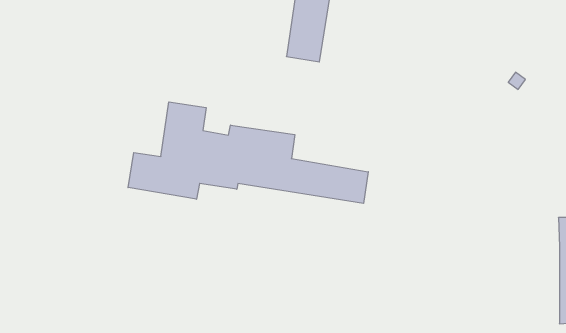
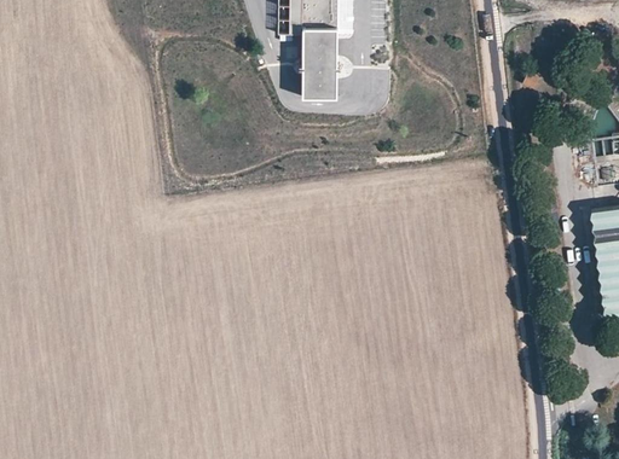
building: [128,102,368,203] -> none

